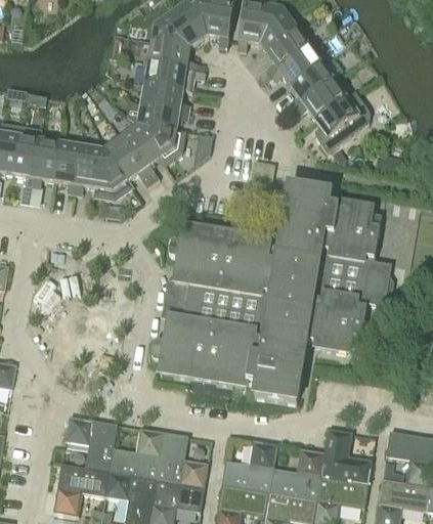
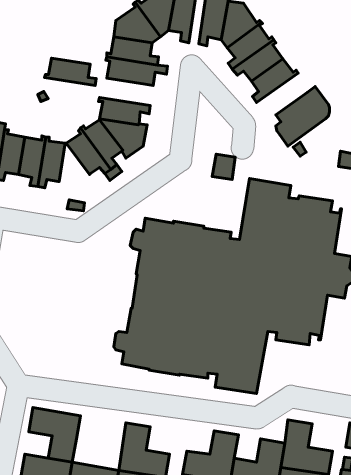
building: [296,78,347,120] -> none
building: [137,83,189,111] -> [45,58,96,85]
building: [94,148,132,199] -> none
building: [110,427,164,479] -> none

